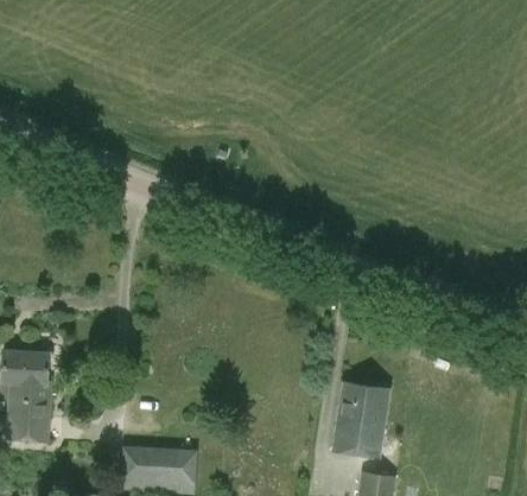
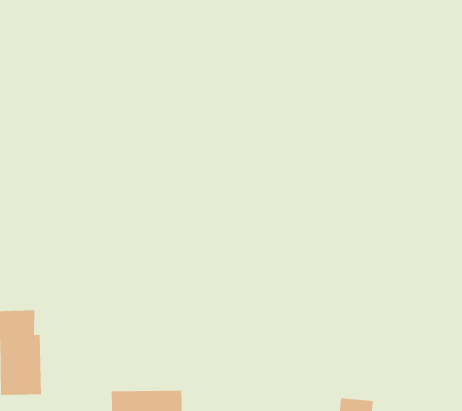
building: [331,382,388,458] -> none

